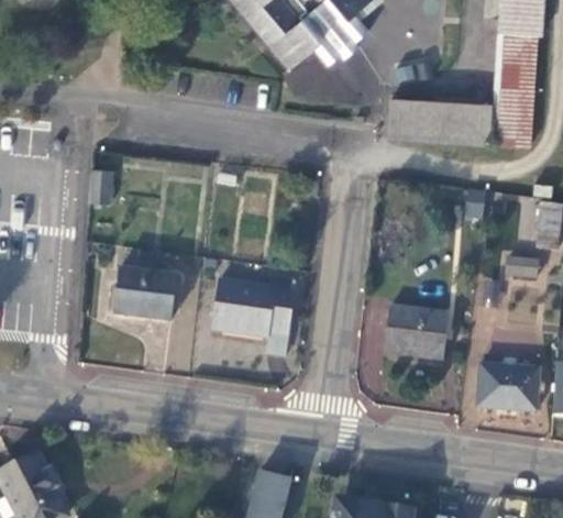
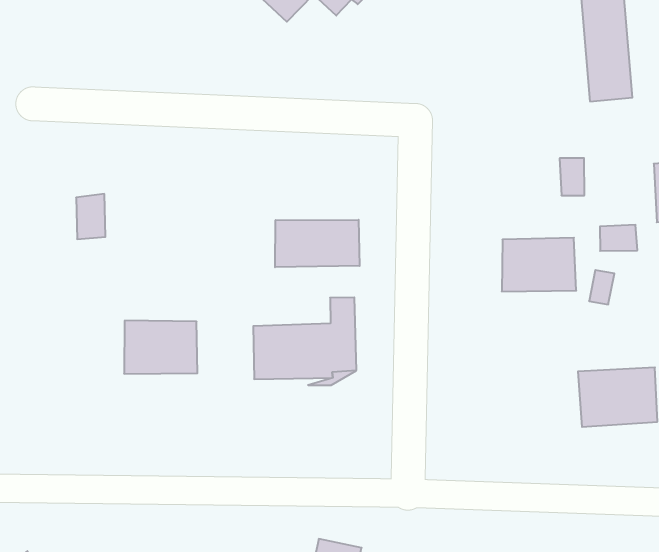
building: [389,100,493,144] -> none
building: none -> [275,220,360,267]
building: [388,312,449,359] -> [502,238,576,291]

